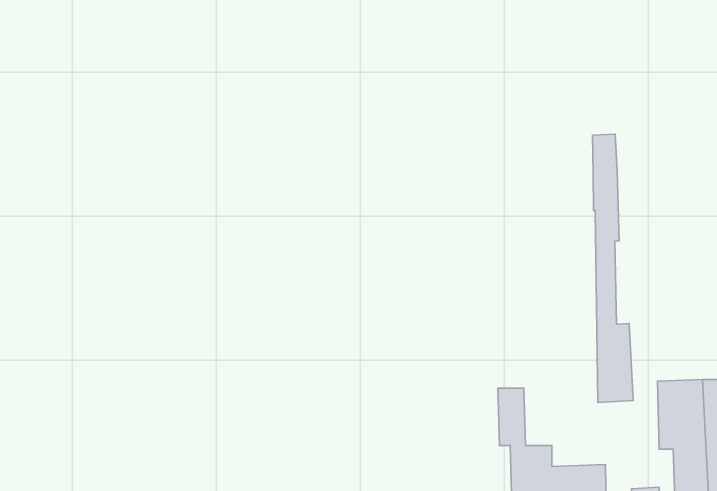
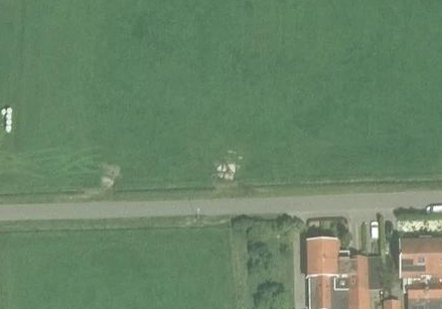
building: [593,134,633,402] -> none
building: none -> [321,242,369,288]

